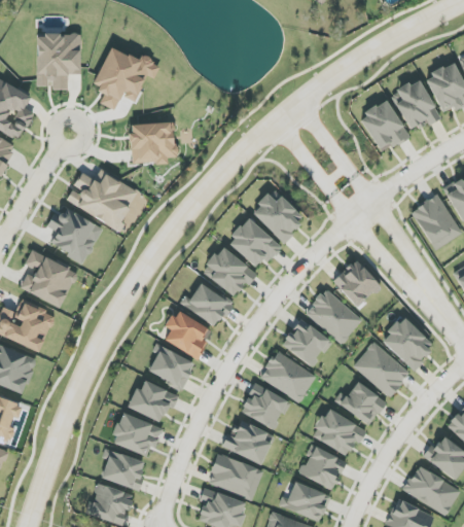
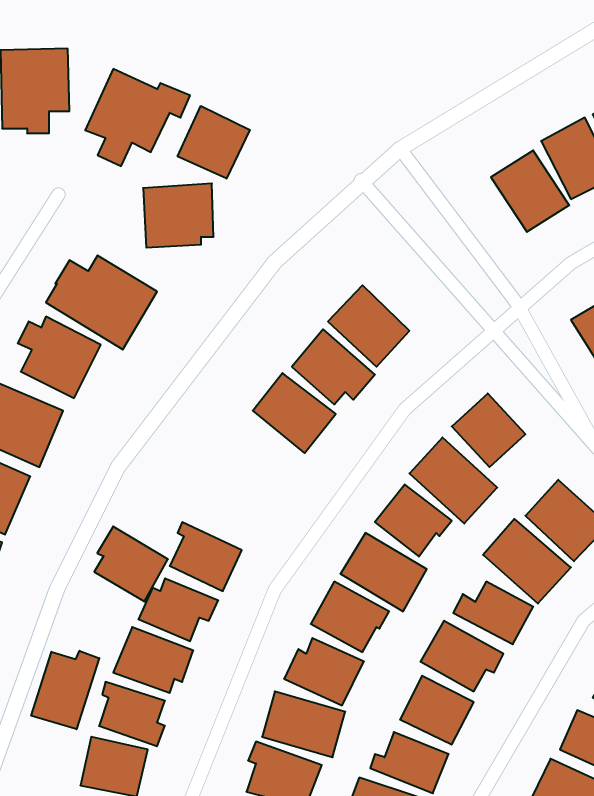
building: none -> [178,106,250,179]
building: [183,281,233,327] -> none
building: [164,310,212,359] -> [94,526,168,602]
building: none -> [31,651,99,729]

